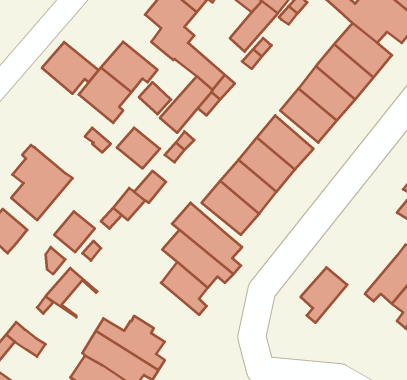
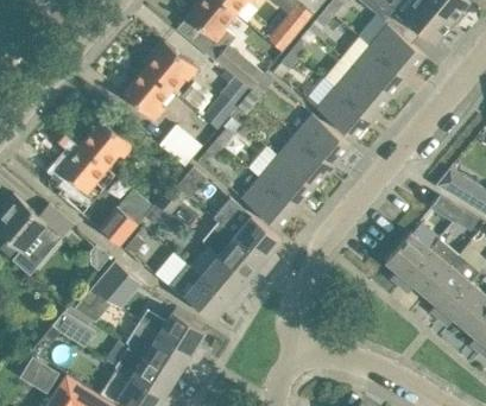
building: [42,42,98,94] -> [78,120,133,170]
building: [301,267,347,323] -> [384,233,429,286]
building: none -> [171,265,238,321]

